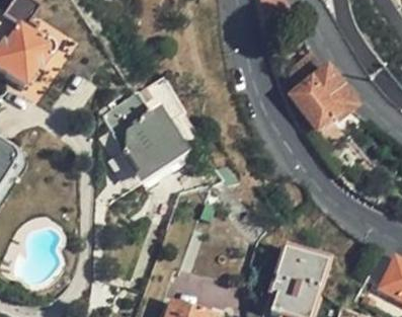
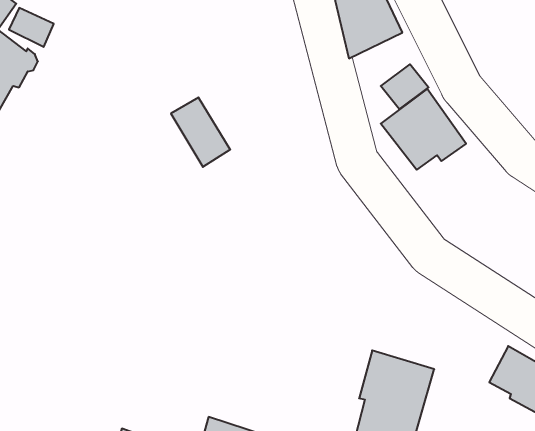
building: [99,91,174,172] -> none

